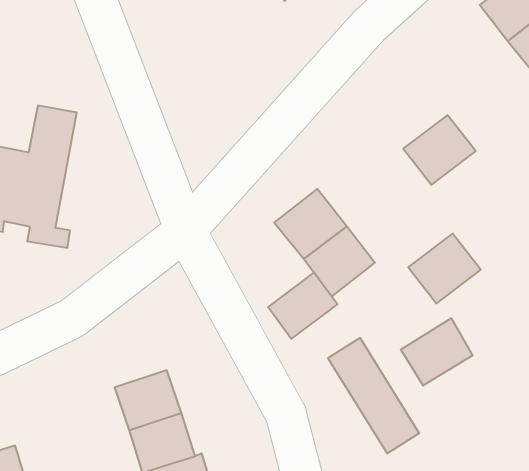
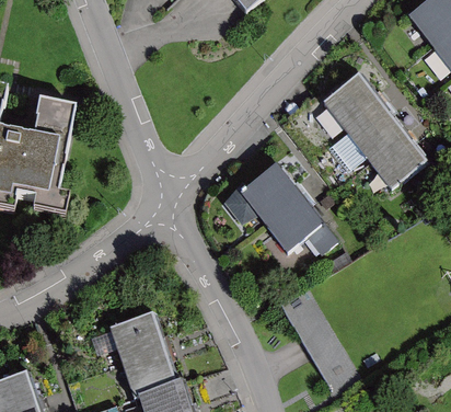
building: none -> [321,72,380,130]
building: [408,234,481,303] -> [367,133,426,190]
building: [268,273,337,339] -> none
building: [401,318,473,386] -> none

